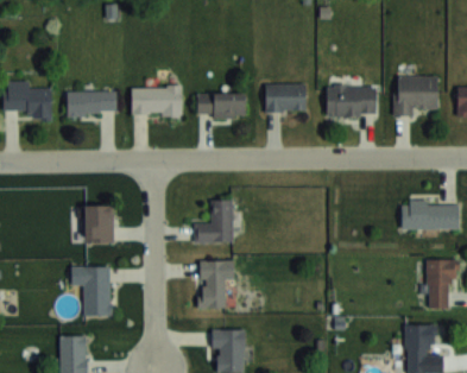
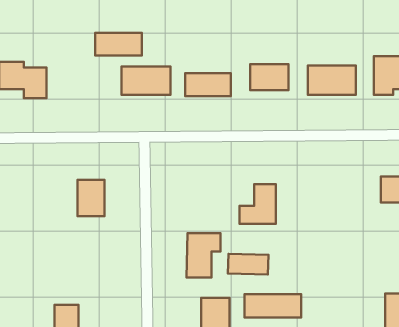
building: [68,91,116,115] -> [95,33,142,55]
building: [195,201,233,242] -> [239,184,276,224]
building: [71,266,111,316] -> none
building: none -> [228,254,268,274]
building: none -> [245,294,301,317]

